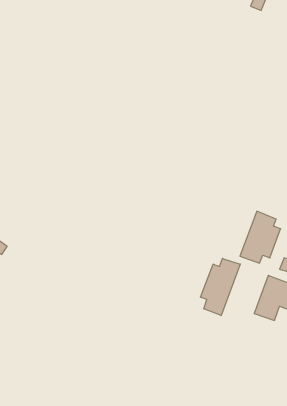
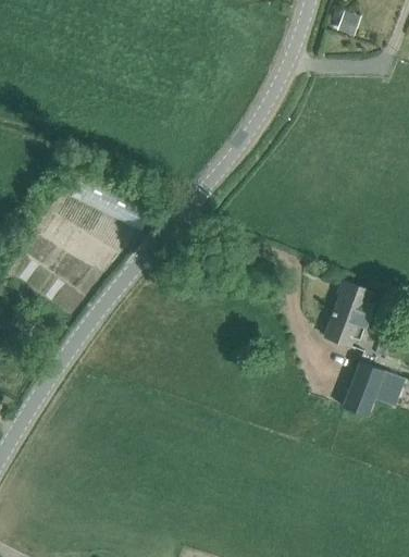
building: [201,258,240,316] -> none

